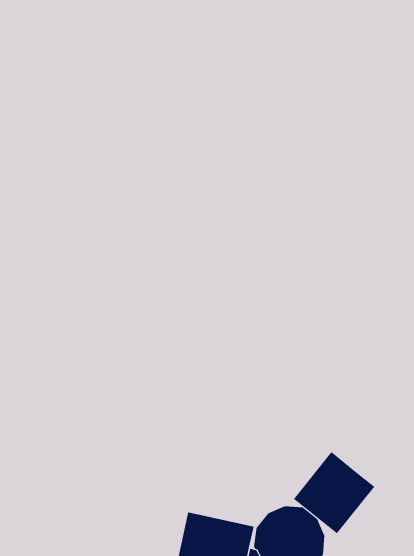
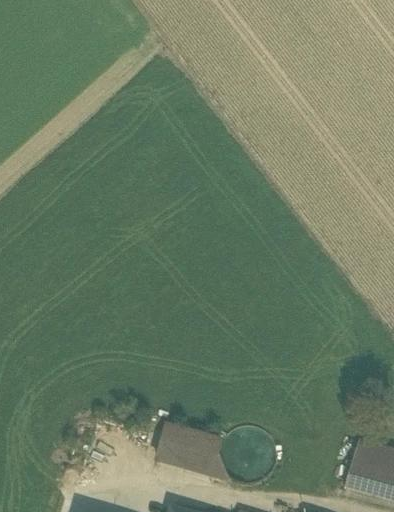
building: [293,451,375,534] -> none

